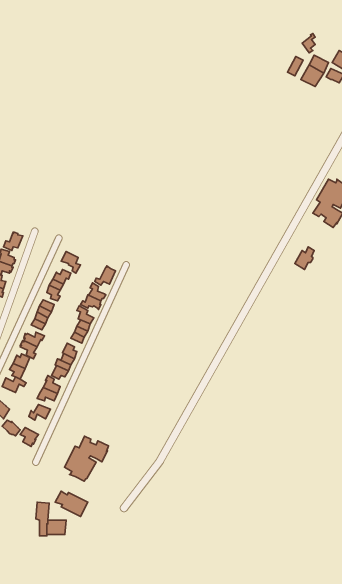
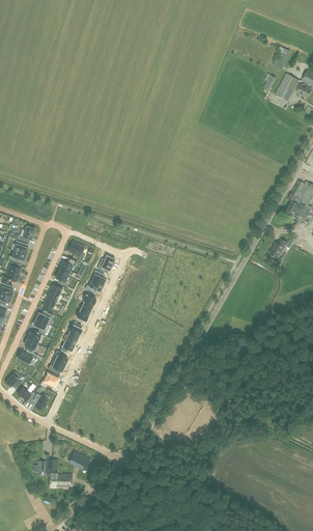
building: [65,436,109,481] -> none

